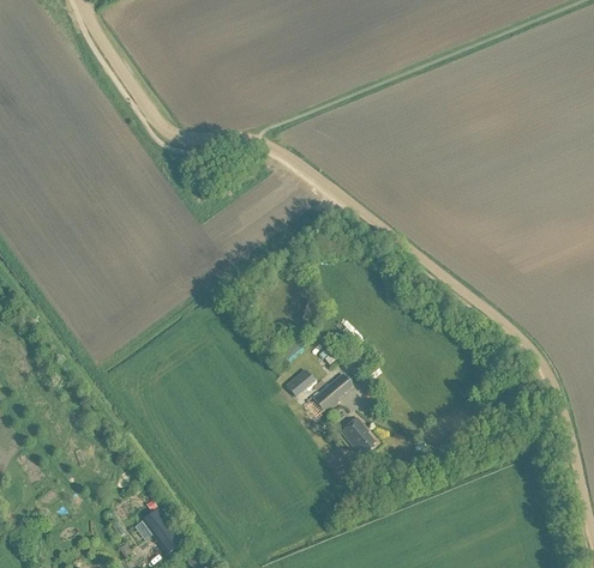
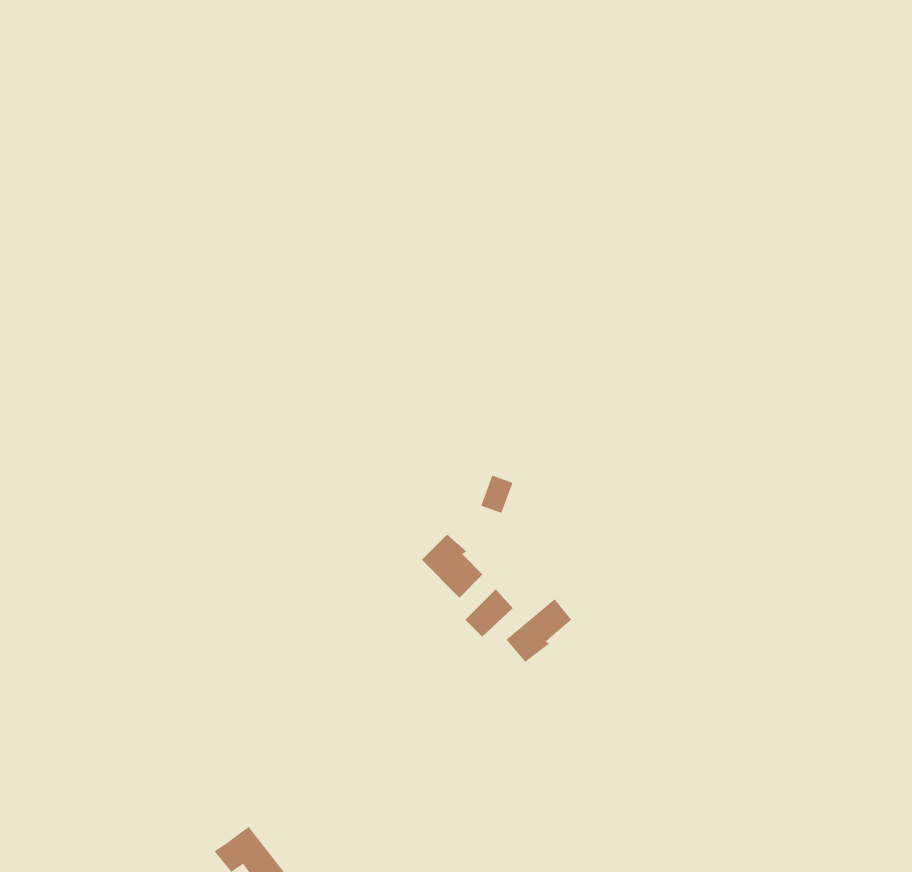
building: none -> [421,534,483,598]
building: [340,418,374,453] -> none

